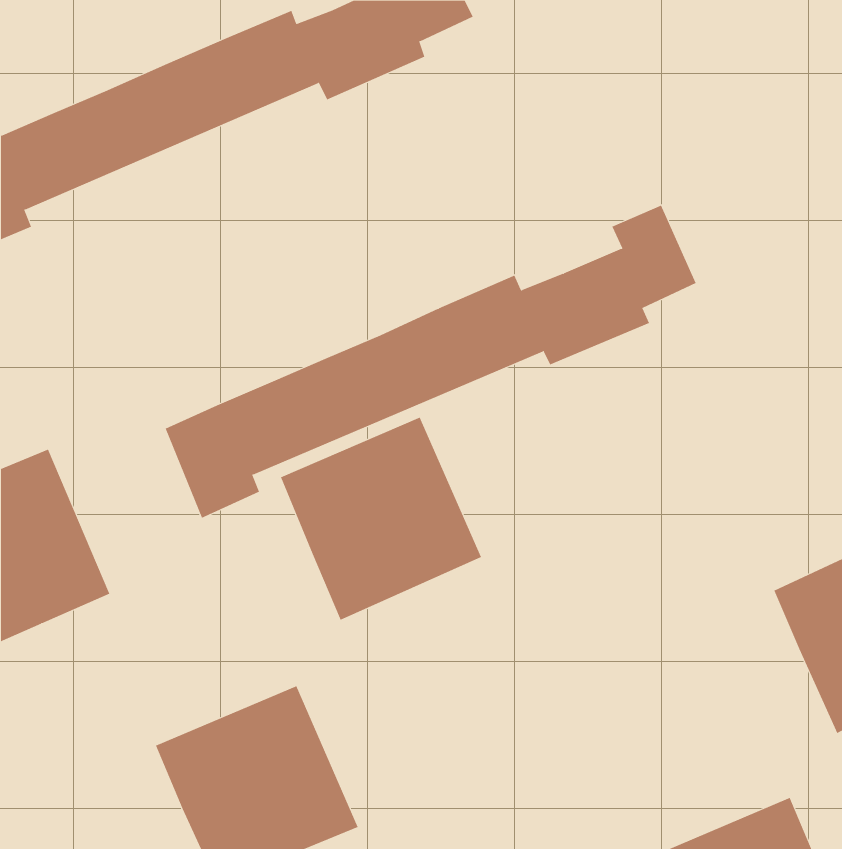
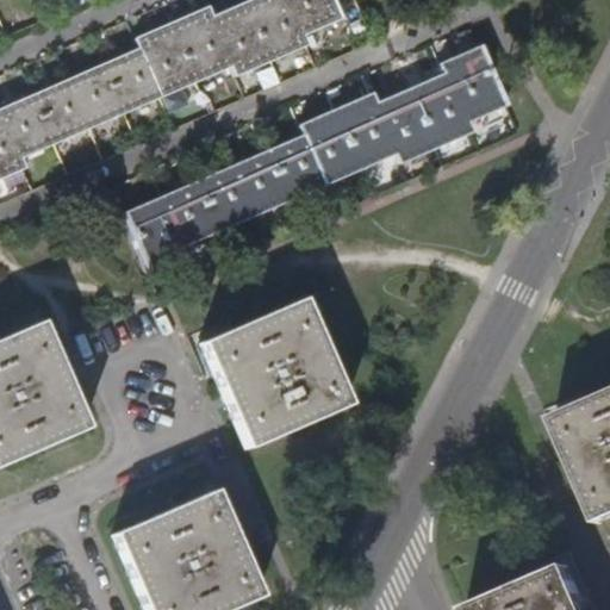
building: [165,205,697,518] -> [129,45,509,269]

